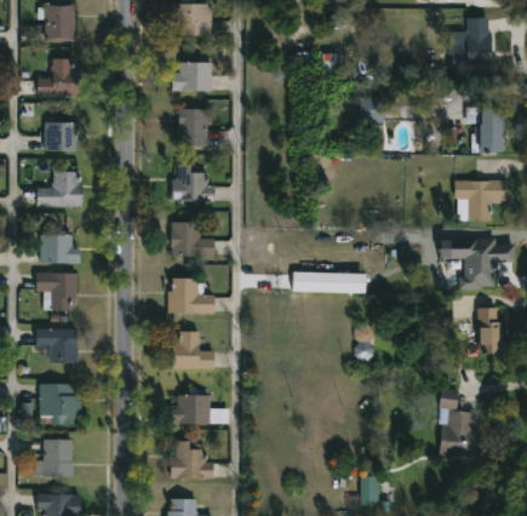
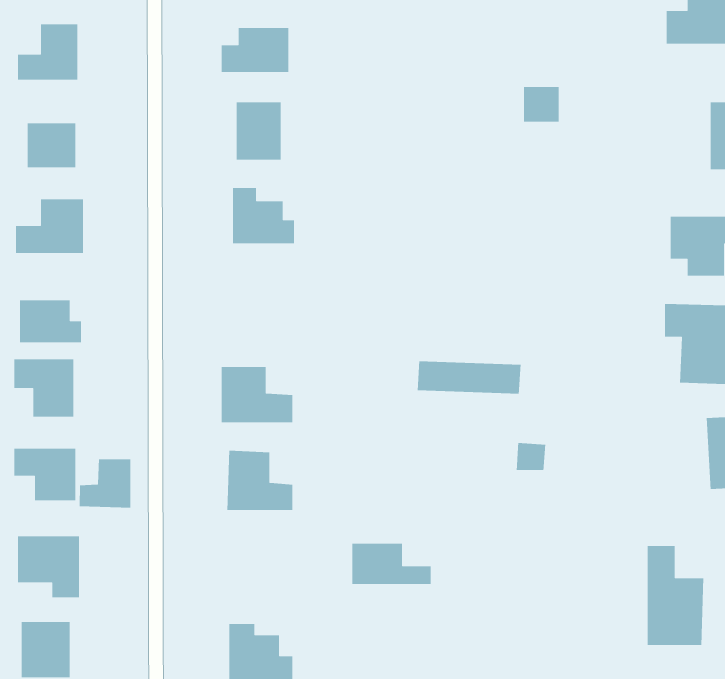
building: [172,222,216,257] -> none
building: none -> [79,458,131,509]
building: [177,396,228,423] -> [352,543,431,585]

